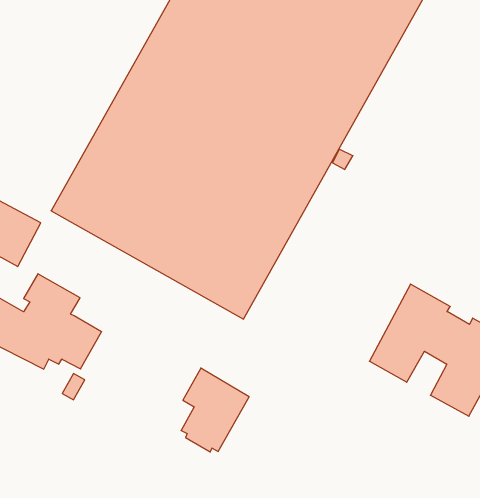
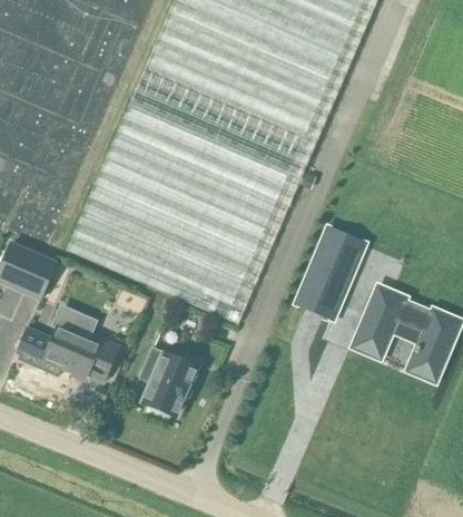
building: none -> [292,223,370,322]
building: [181,368,249,452] -> [141,347,197,417]

